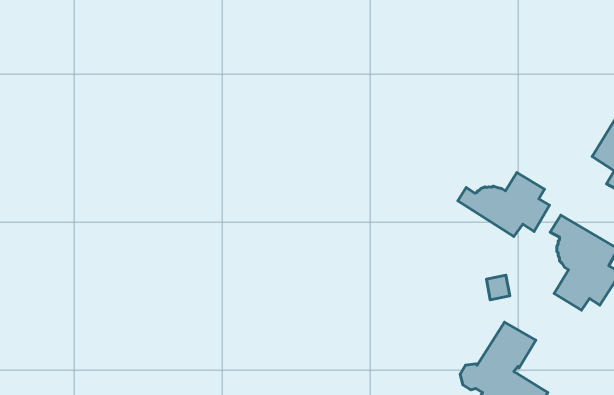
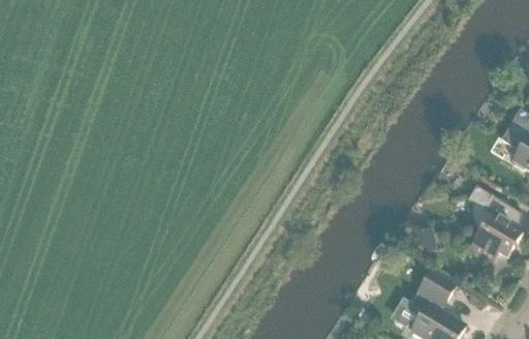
building: [458,172,549,237] -> none

